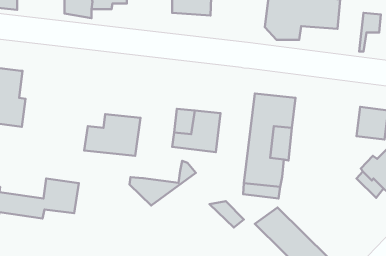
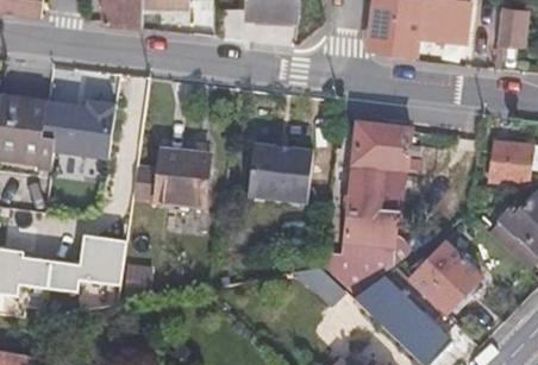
building: none -> [48,95,117,159]
building: [129,161,196,205] -> [324,234,411,292]
building: none -> [408,246,476,313]

